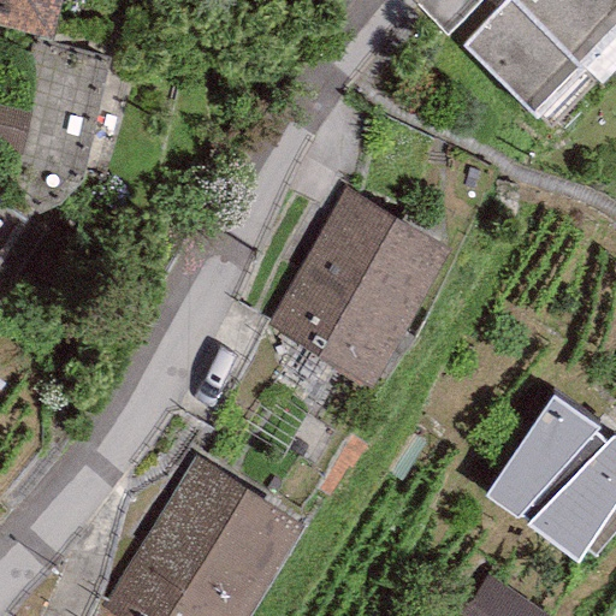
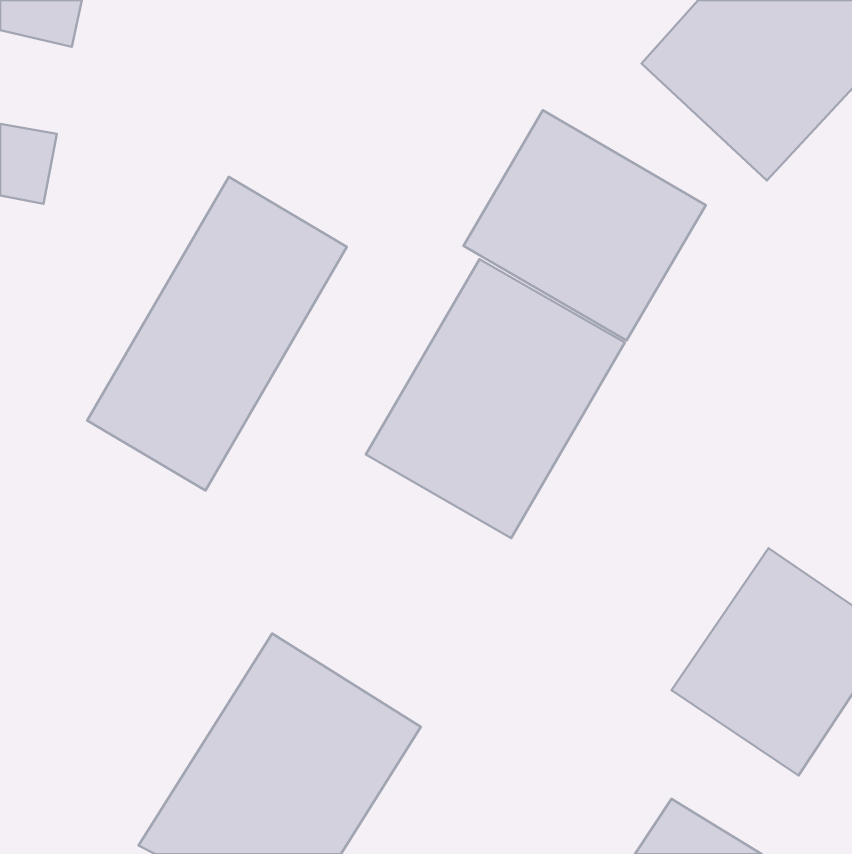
building: none -> [463,110,706,340]
building: none -> [87,177,347,490]

